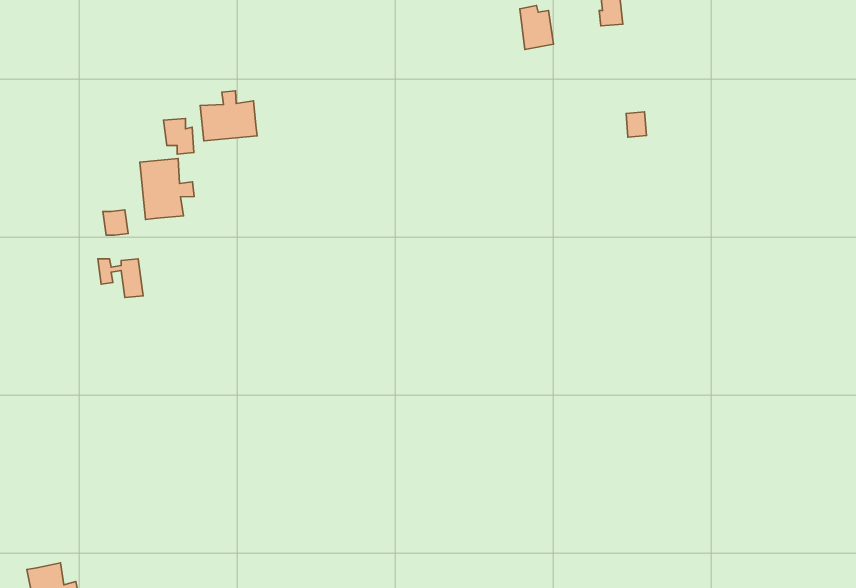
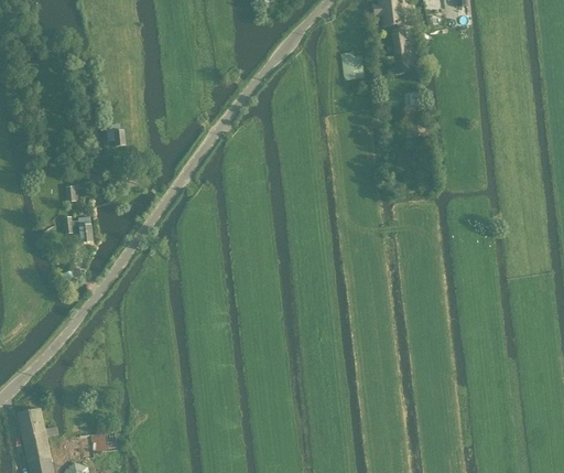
building: [200,91,257,141] -> none
building: [140,158,194,220] -> none

